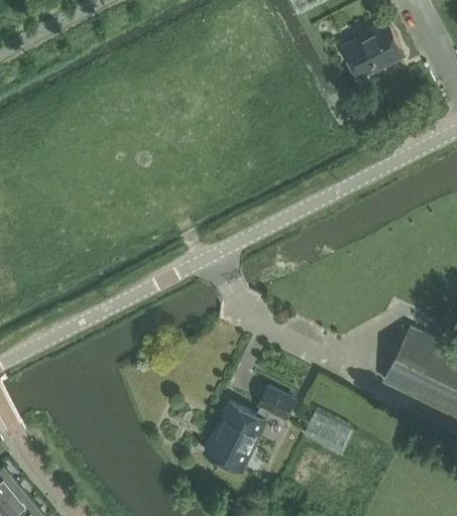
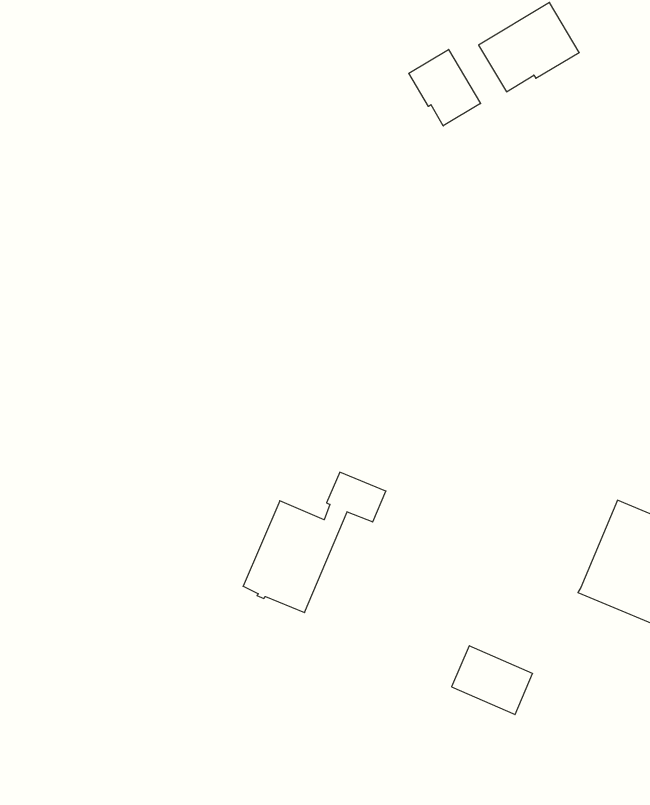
building: none -> [409,49,481,126]
building: [205,389,295,473] -> [243,472,386,613]

